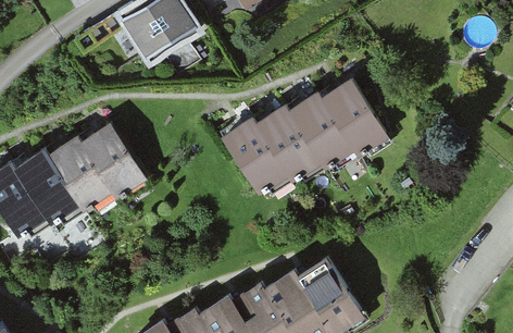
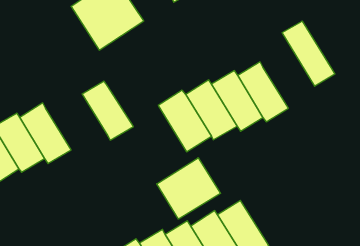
building: none -> [282,21,335,86]
building: [80,125,146,200] -> [82,81,133,140]
building: none -> [157,158,221,219]

